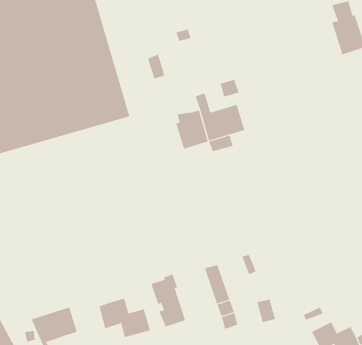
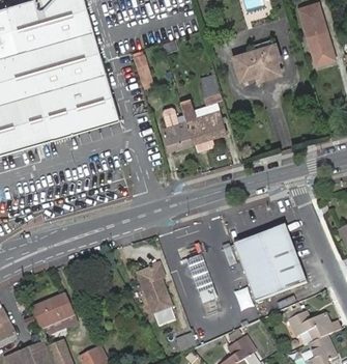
building: none -> [233,36,281,87]
building: none -> [234,226,306,304]
building: [99,298,151,338] -> none

